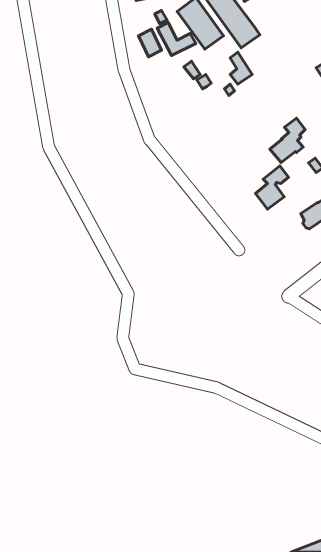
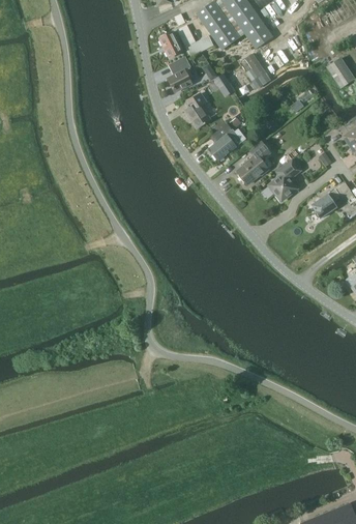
building: none -> [167,56,190,91]
building: none -> [185,93,209,127]
building: [270,118,305,162] -> [236,142,269,183]
building: none -> [208,123,236,161]

